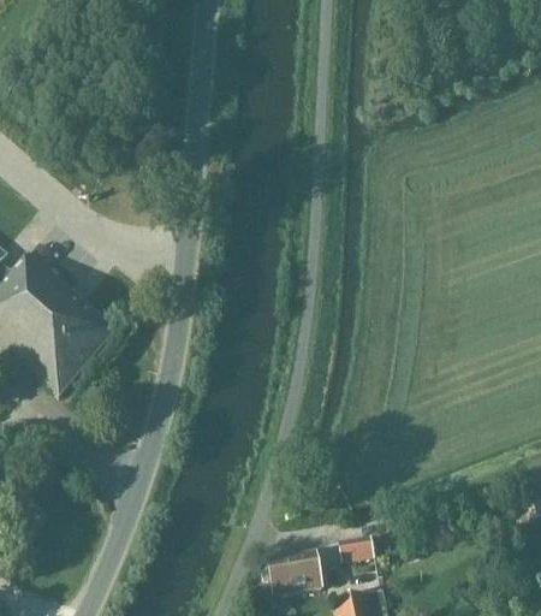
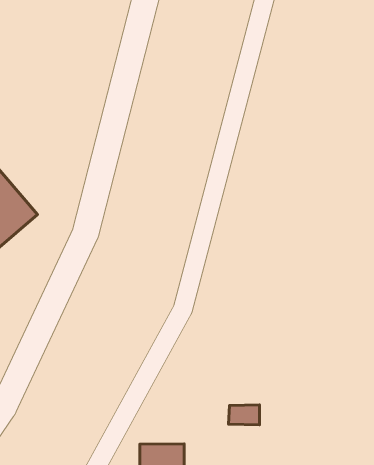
building: [338,534,374,561] -> [229,405,260,425]

